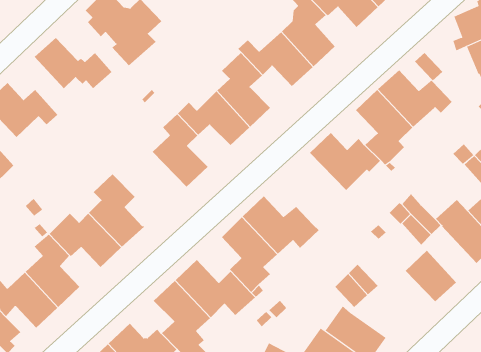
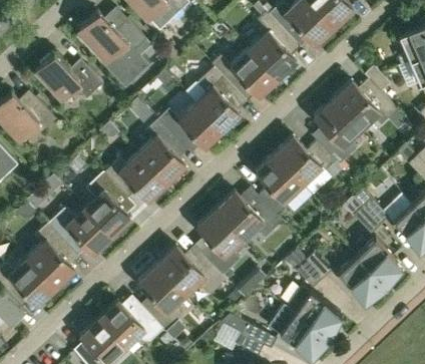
building: none -> [103,153,166,203]
building: none -> [255,154,305,217]
building: none -> [337,257,382,302]

